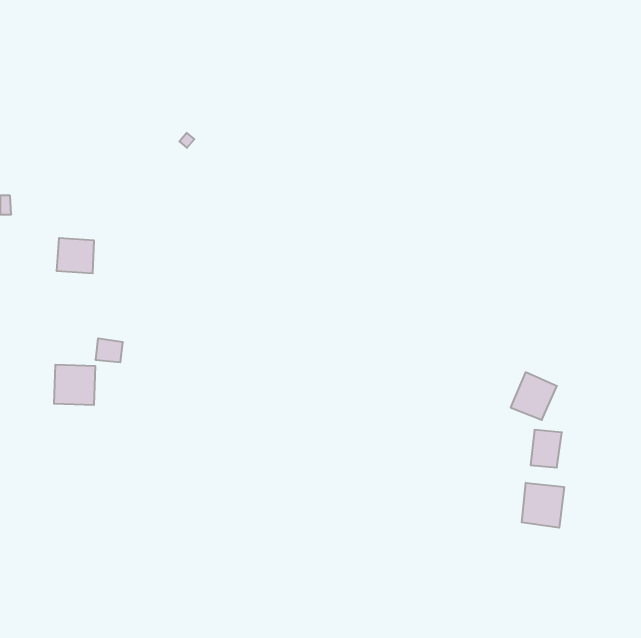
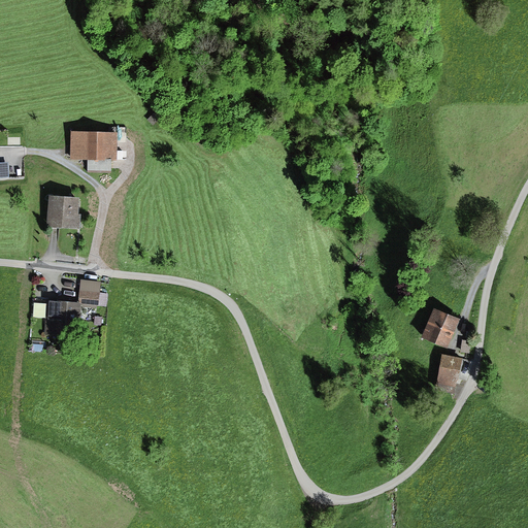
building: none -> [71,130,116,172]
building: [522,483,564,528] -> none

